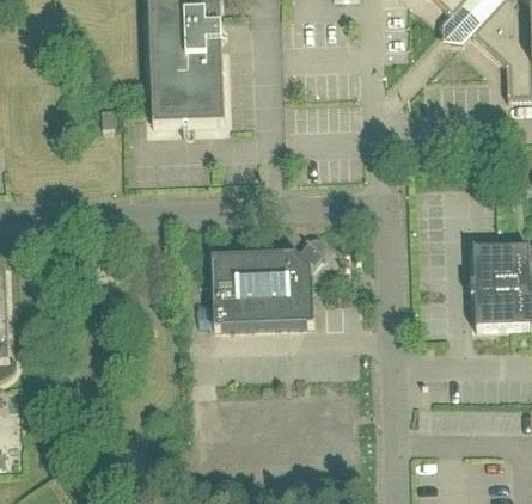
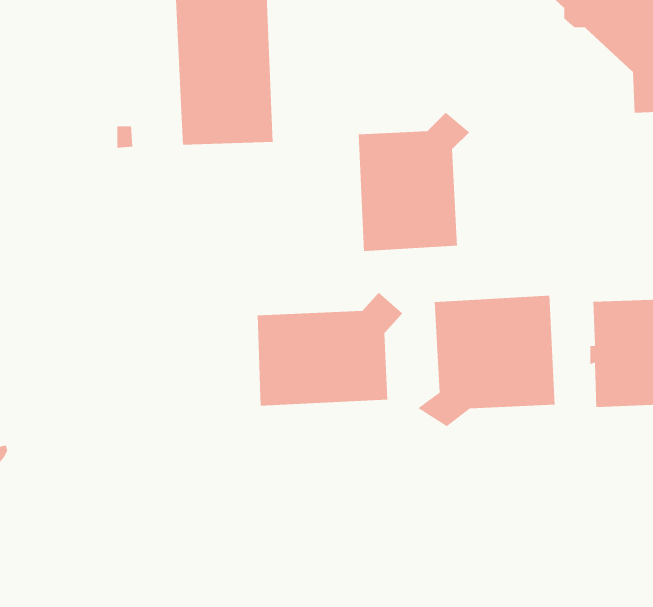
building: none -> [358,112,470,252]
building: none -> [417,295,555,427]

